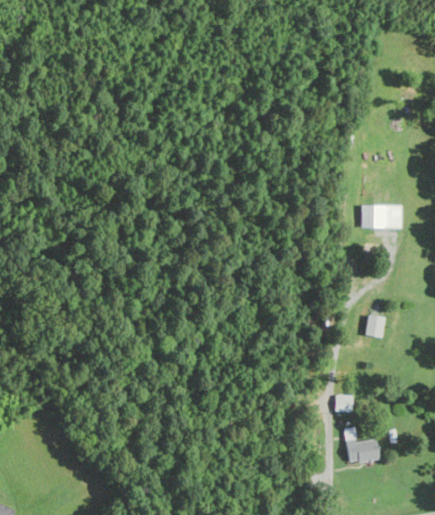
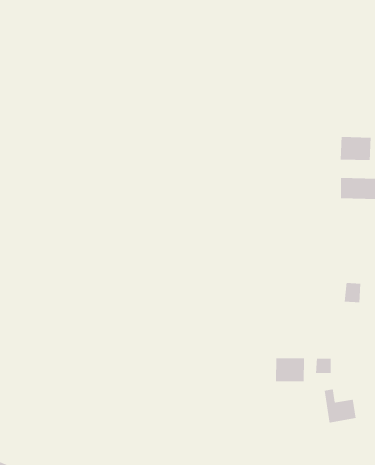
building: none -> [340,136,371,161]
building: none -> [276,357,304,382]

